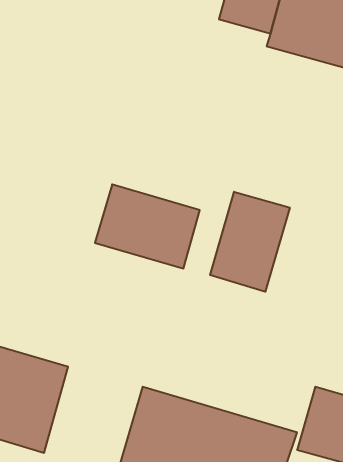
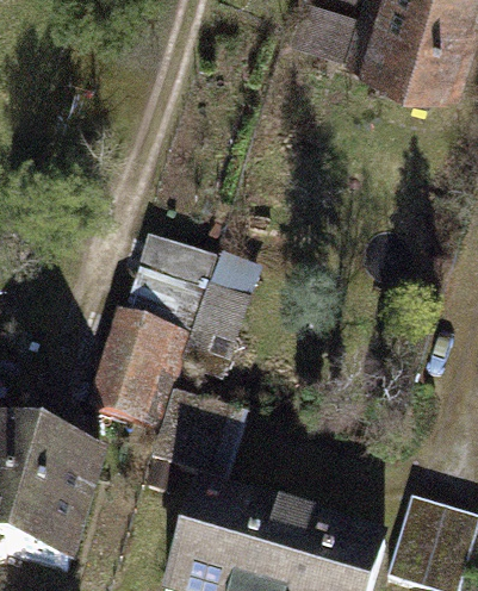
building: [210,192,290,292] -> none
building: none -> [82,321,185,435]

